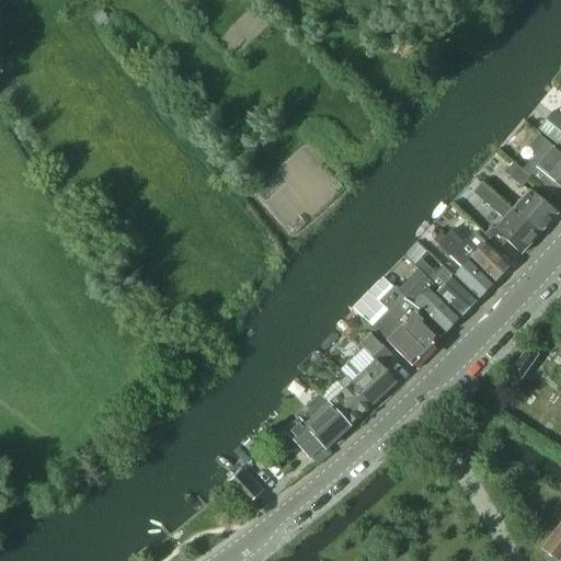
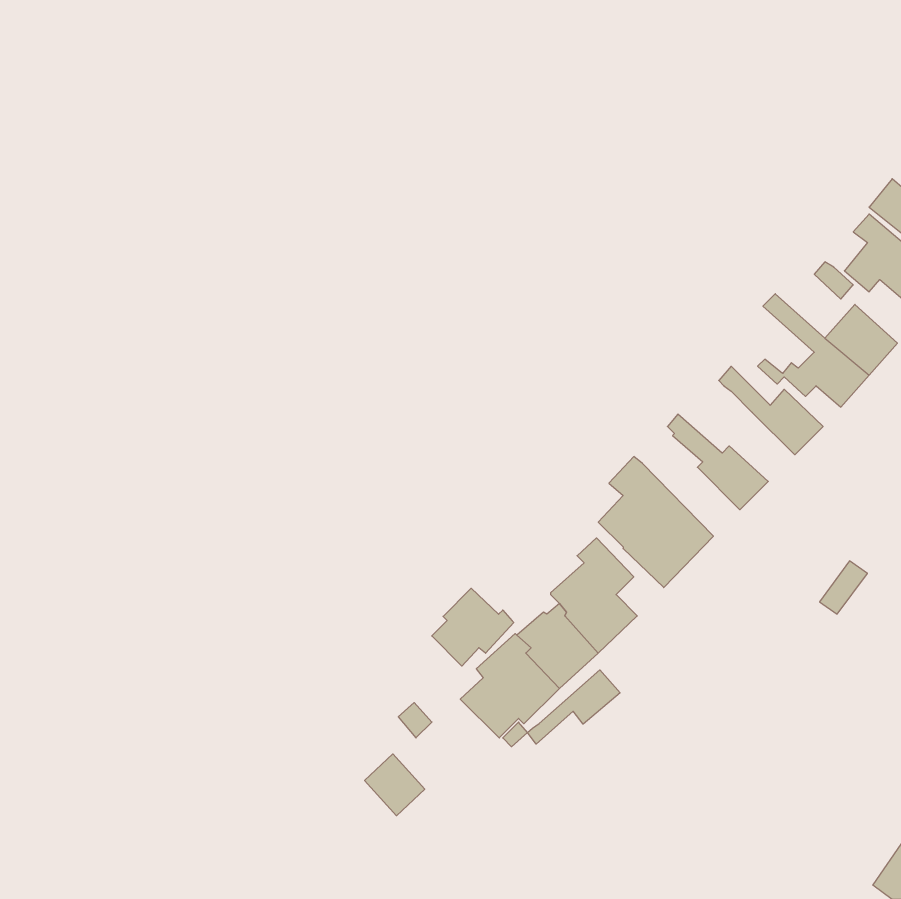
building: [439,236,494,298] -> none
building: [400,270,460,332] -> none
building: none -> [432,588,514,666]
building: none -> [528,670,620,744]

